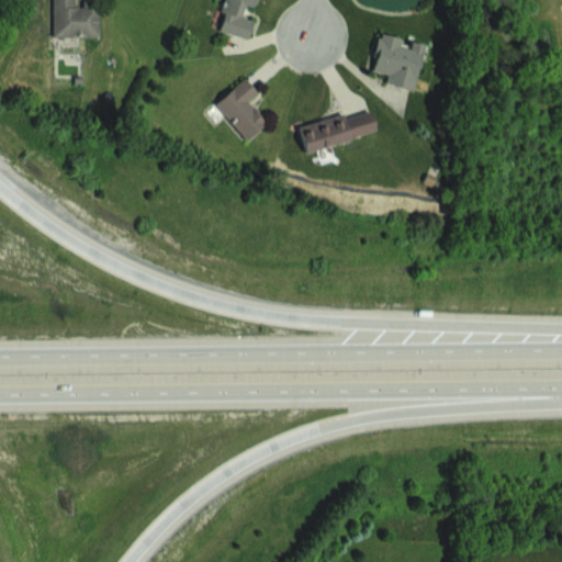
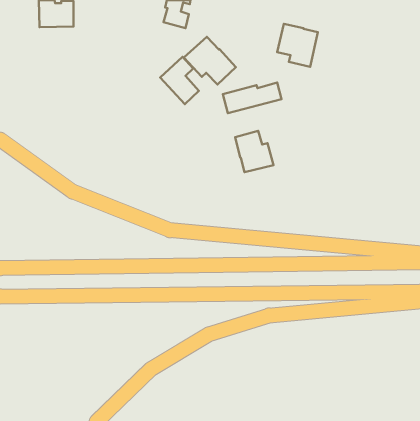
building: none -> [184,37,236,85]
building: none -> [235,131,273,172]

